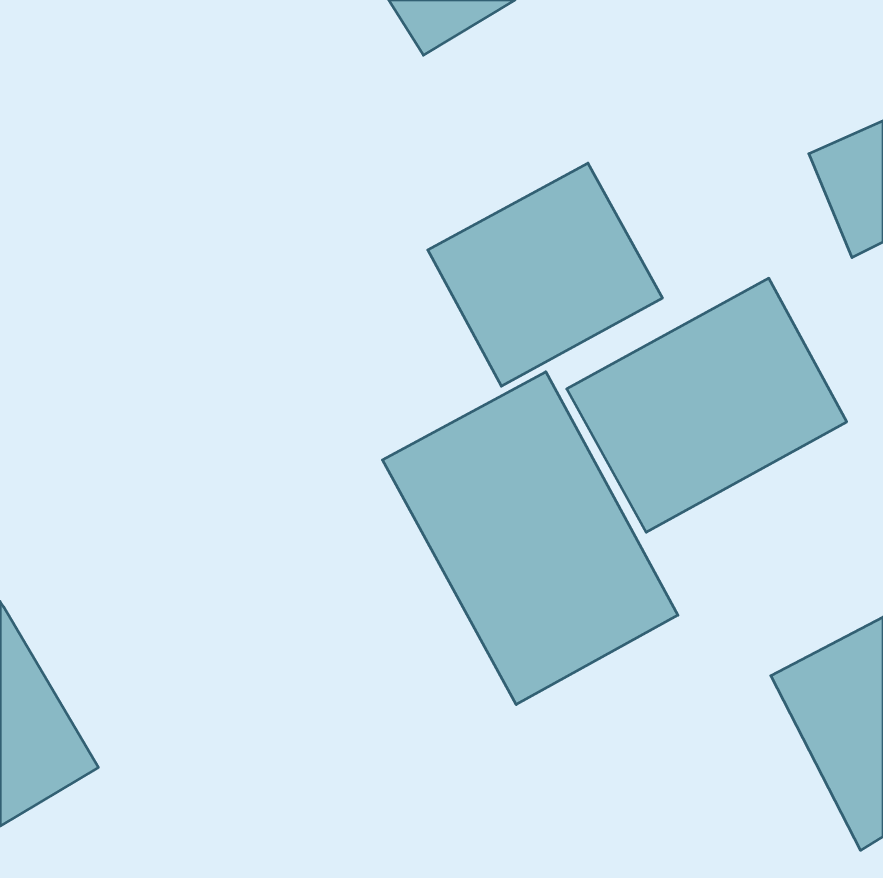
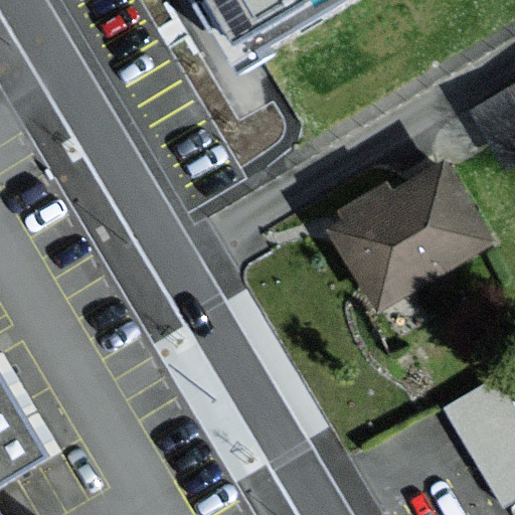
building: [428,163,662,386] -> none
building: [382,372,678,705] -> none

